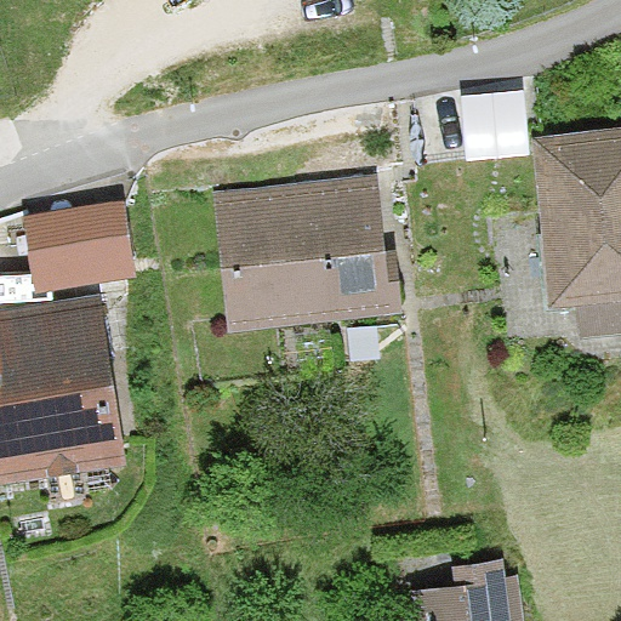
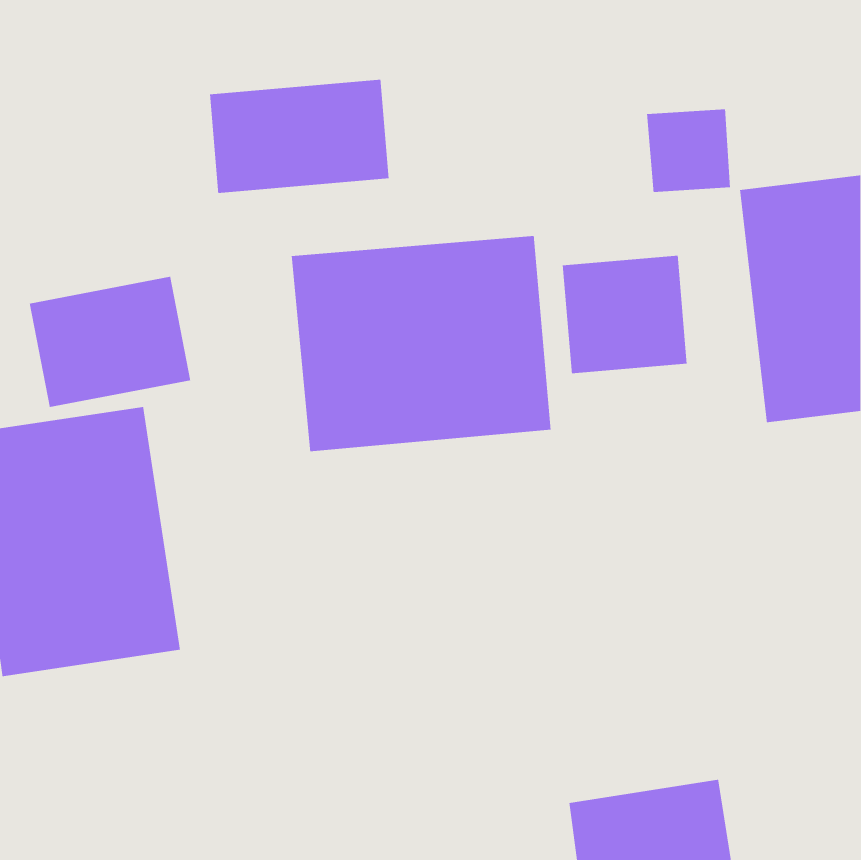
building: none -> [209,79,389,194]
building: none -> [562,255,688,374]

